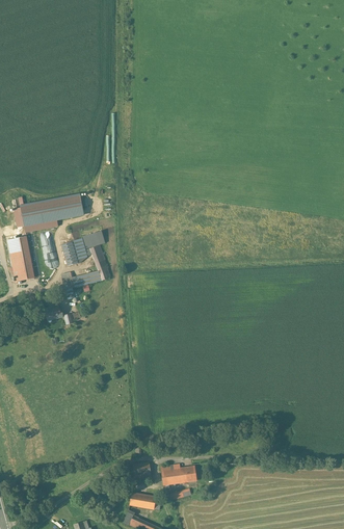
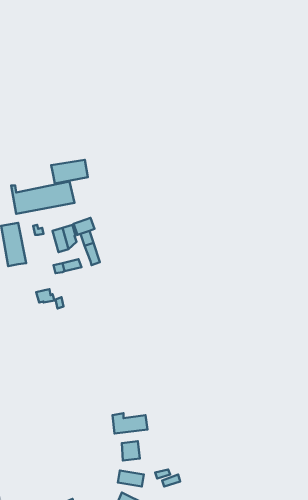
building: none -> [51,160,88,183]
building: [160,464,196,484] -> [112,413,148,433]

